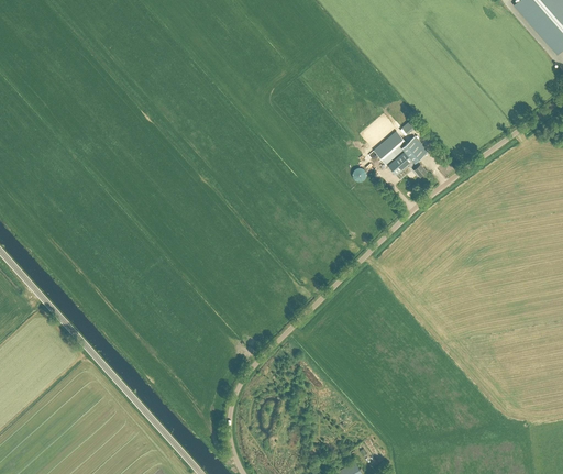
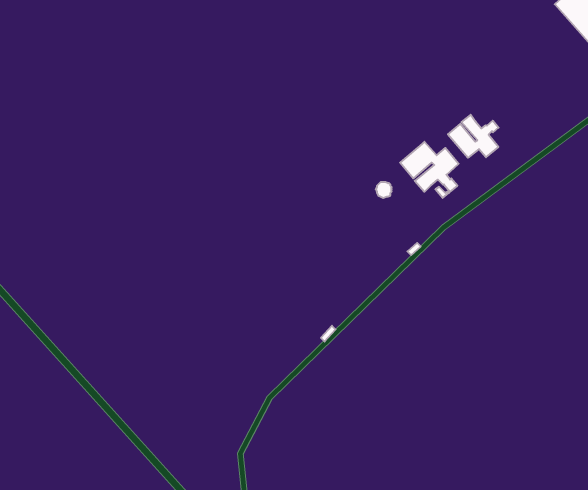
building: none -> [448,115,499,158]

